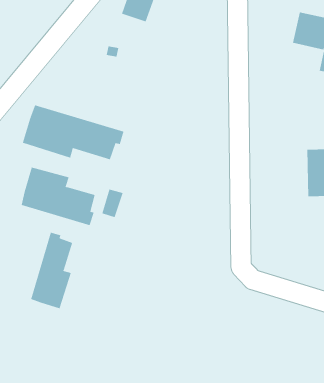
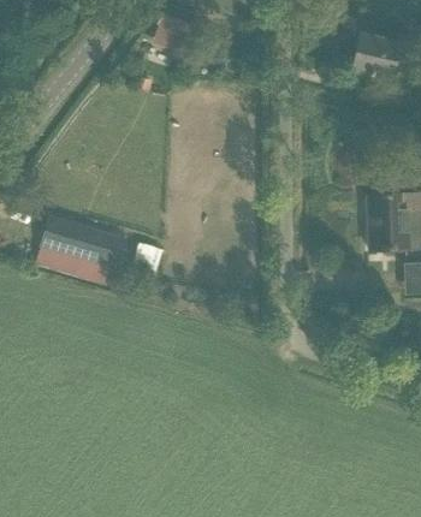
building: [22,104,124,160] -> none
building: [30,232,73,309] -> none

